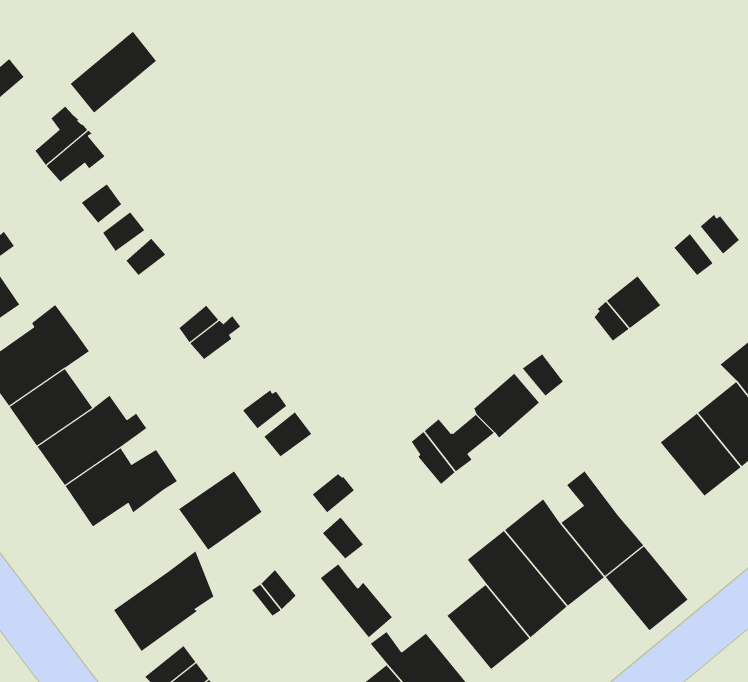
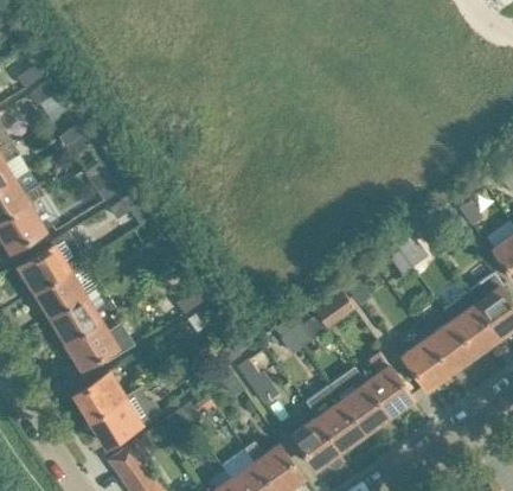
building: [70,31,157,114] -> none
building: [178,471,262,550] -> [73,372,124,420]
building: [605,545,688,631] -> [402,338,451,390]
building: [320,563,393,638] -> [237,359,280,406]

